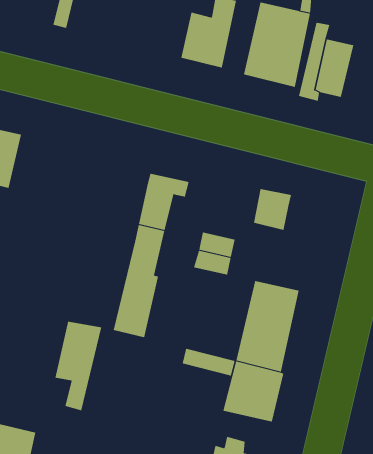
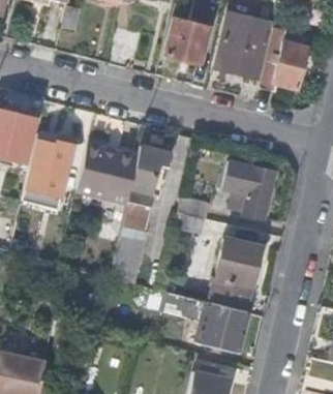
building: none -> [23,139,78,209]
building: none -> [78,145,138,205]
building: none -> [244,168,276,218]
building: [55,321,102,411] -> none

